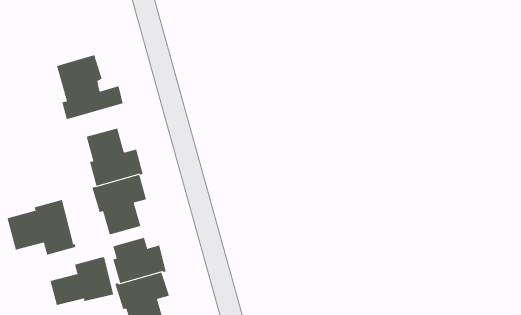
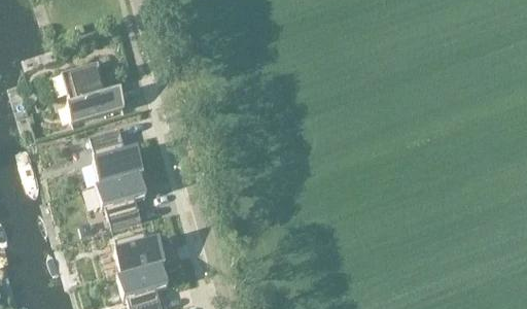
building: [7,199,76,255] -> none
building: [50,257,114,306] -> none

